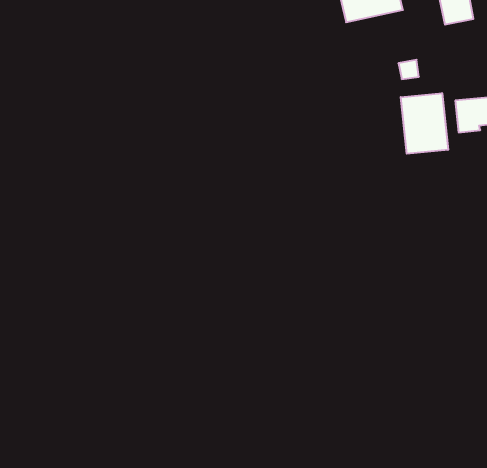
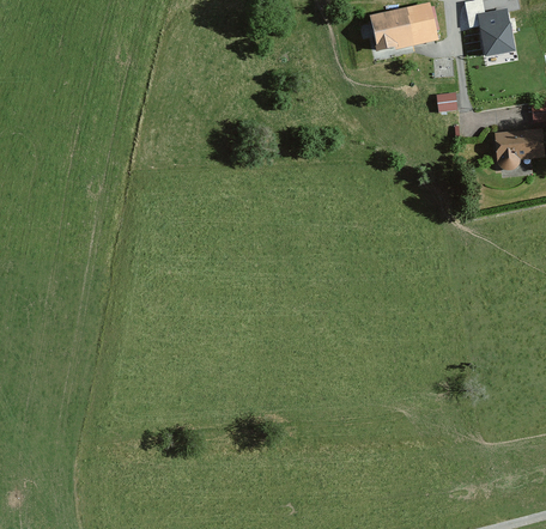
building: [401,93,448,154] -> none

